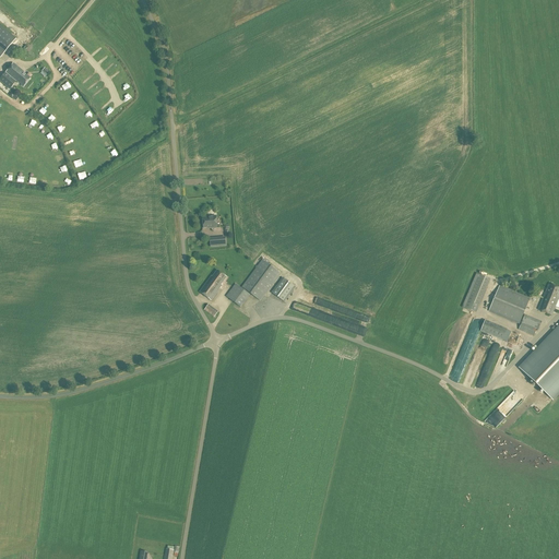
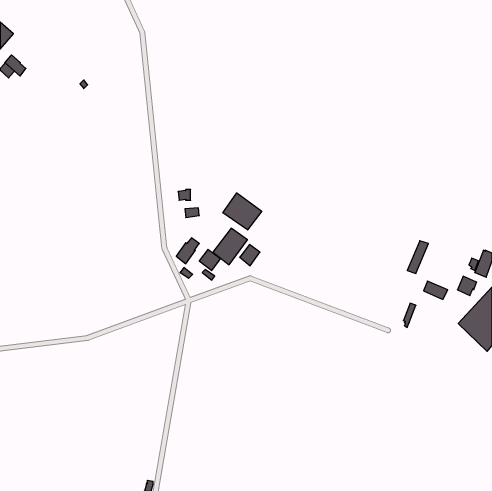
building: none -> [223,193,262,230]
building: [489,285,530,323] -> none

